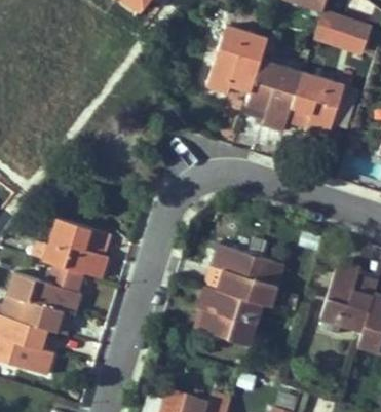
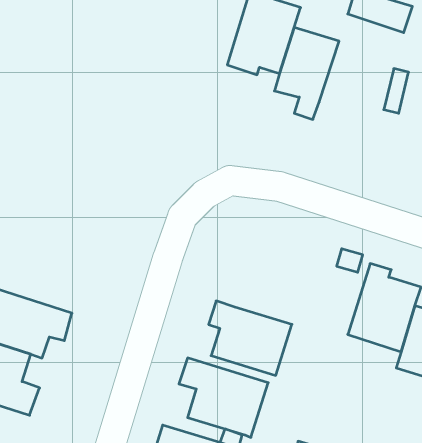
building: [289,71,349,148] -> none
building: [43,217,119,280] -> none
building: [212,241,285,307] -> [179,358,268,437]

